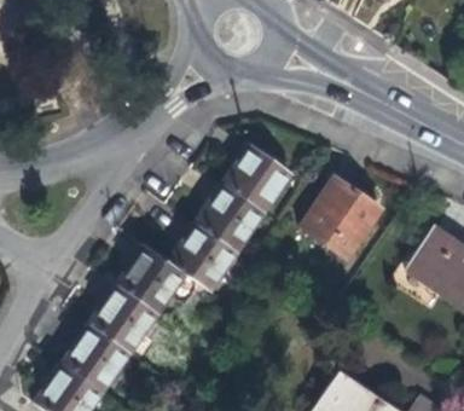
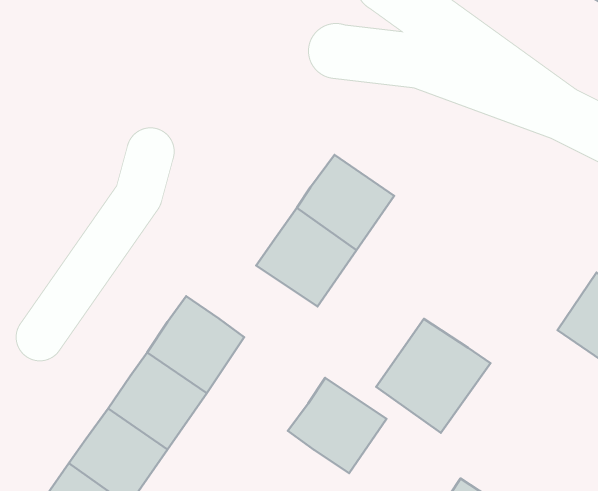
building: [301,176,382,257] -> [376,319,490,433]
building: [168,222,238,290] -> [288,378,387,473]

